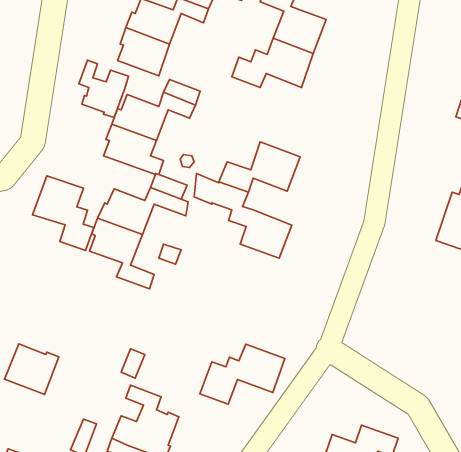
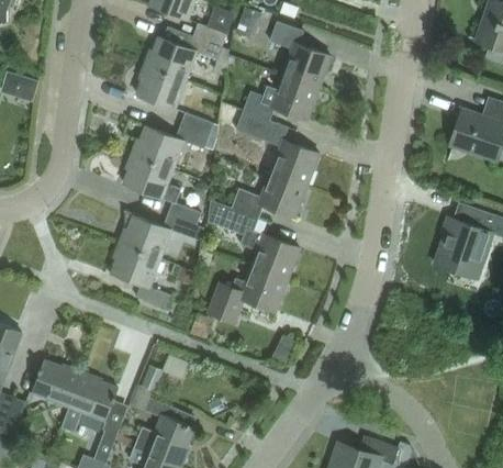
building: [79,60,129,117] -> none
building: none -> [236,111,320,186]
building: [32,176,94,250] -> none
building: [200,344,285,404] -> [209,267,288,323]
building: none -> [59,372,119,433]

